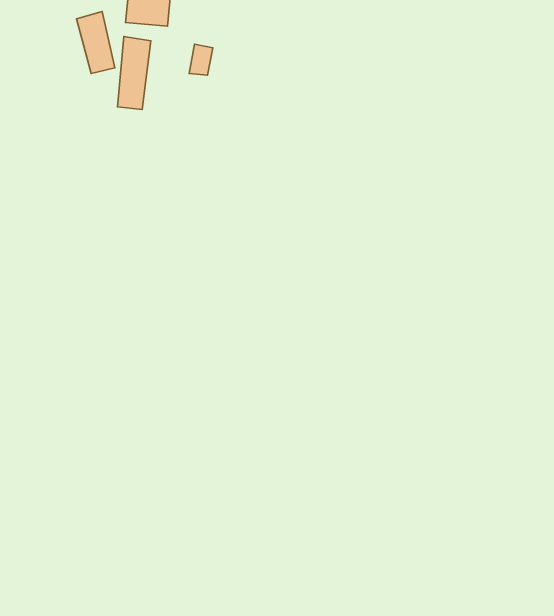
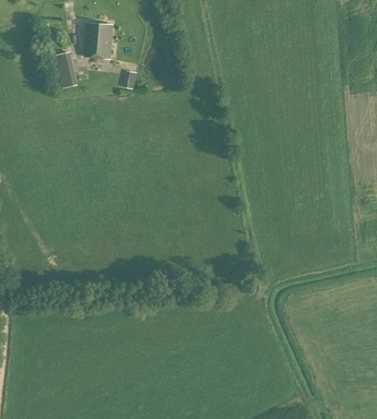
building: [117,37,151,109] -> none

